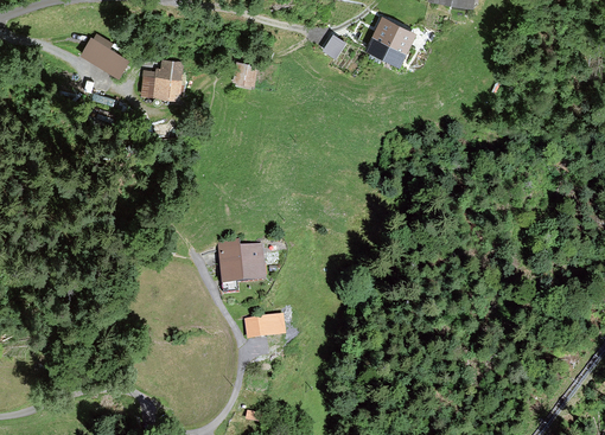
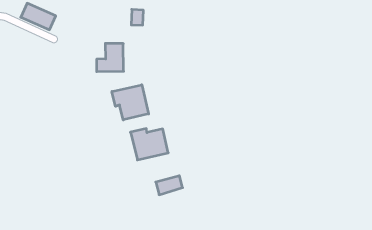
building: [140,57,184,101] -> [97,43,124,72]
building: none -> [112,85,149,120]

